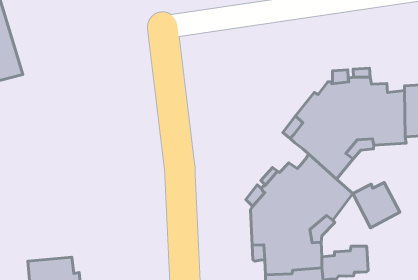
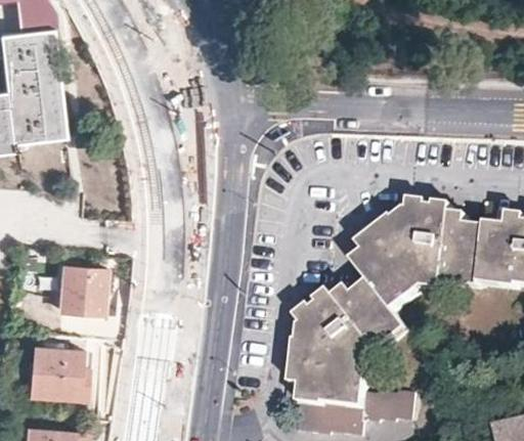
building: [353,182,400,228] -> none
building: none -> [60,263,107,309]

